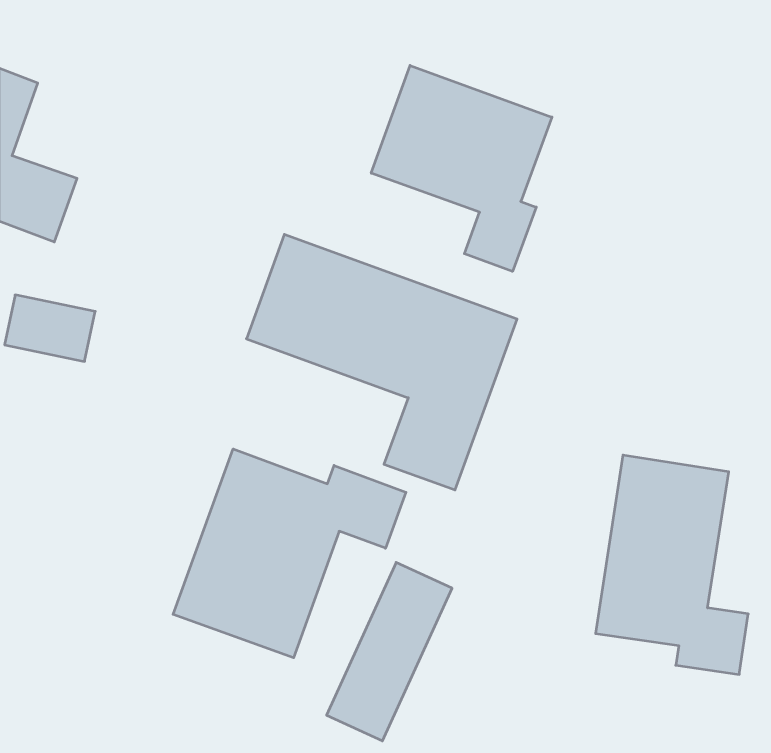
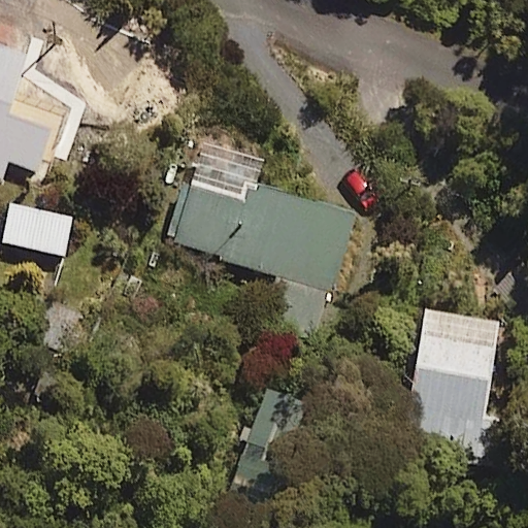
building: [371,65,552,271] -> none
building: [173,449,406,658] -> none

